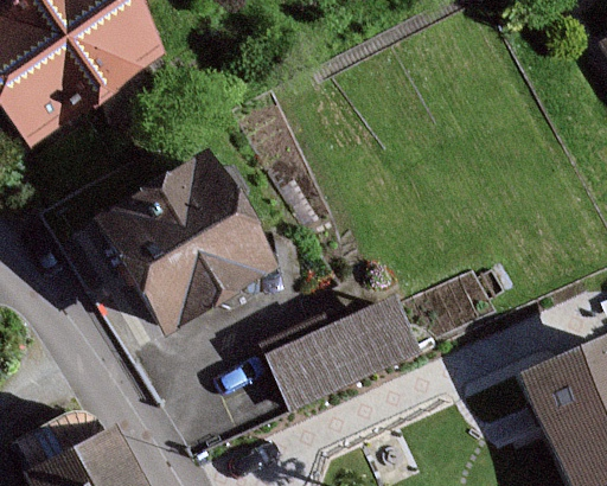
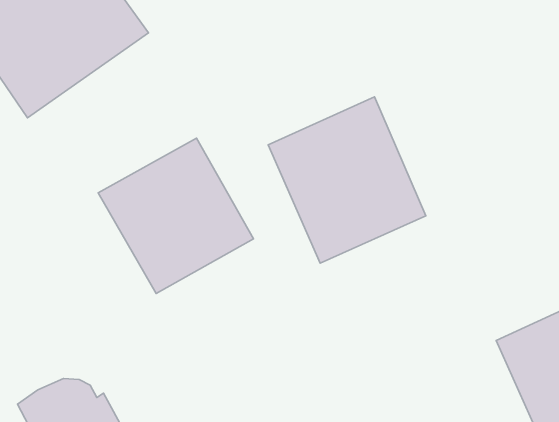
building: none -> [268,97,426,263]
building: [268,303,414,409] -> none

